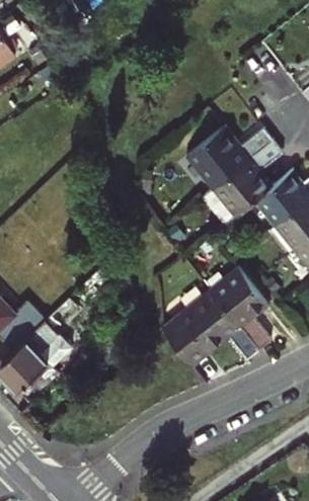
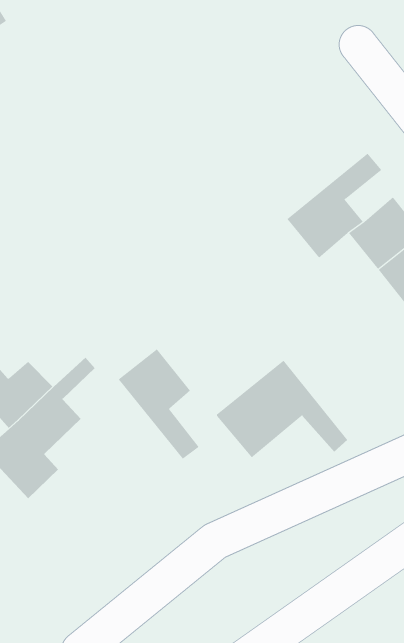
building: [188,132,273,192] -> none
building: [212,271,271,351] -> [118,348,199,460]

